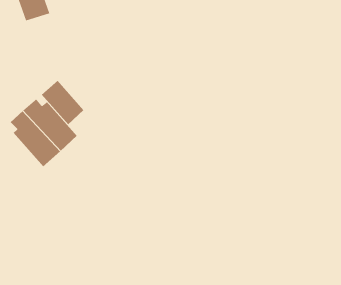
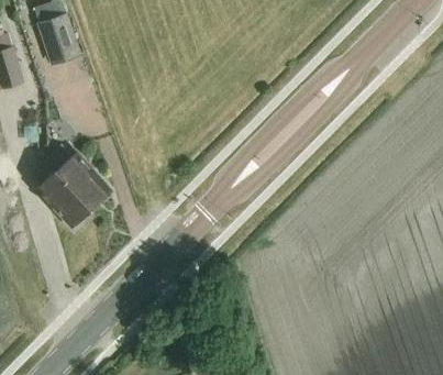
building: [41,80,84,125] -> none

